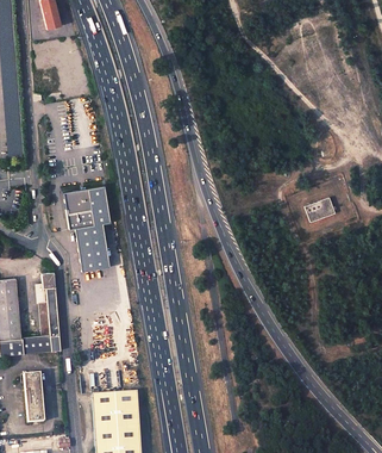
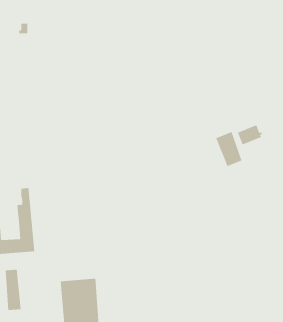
building: [63,187,109,273] -> none
building: none -> [216,131,242,167]

